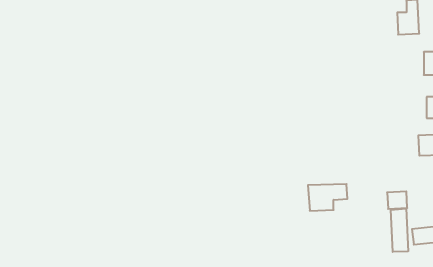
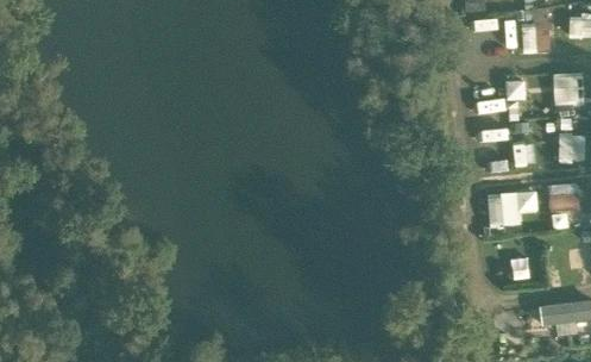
building: [308,184,347,211] -> [486,192,537,226]
building: [391,208,408,252] -> none

